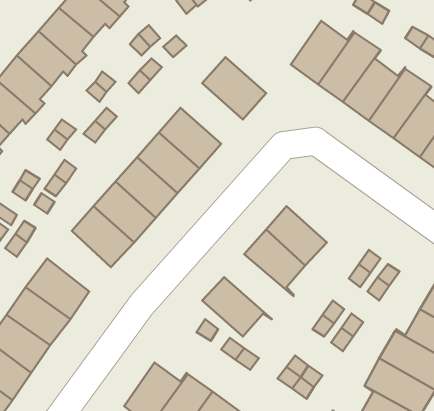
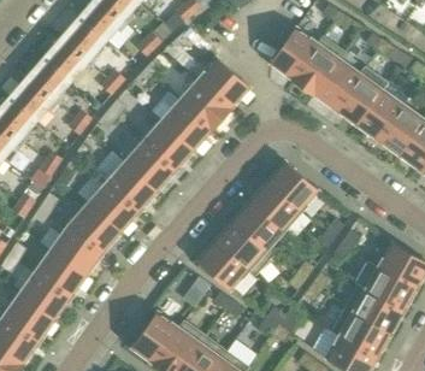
building: none -> [178,78,230,129]
building: none -> [266,160,318,211]
building: none -> [67,201,120,252]
building: none -> [214,220,272,275]

